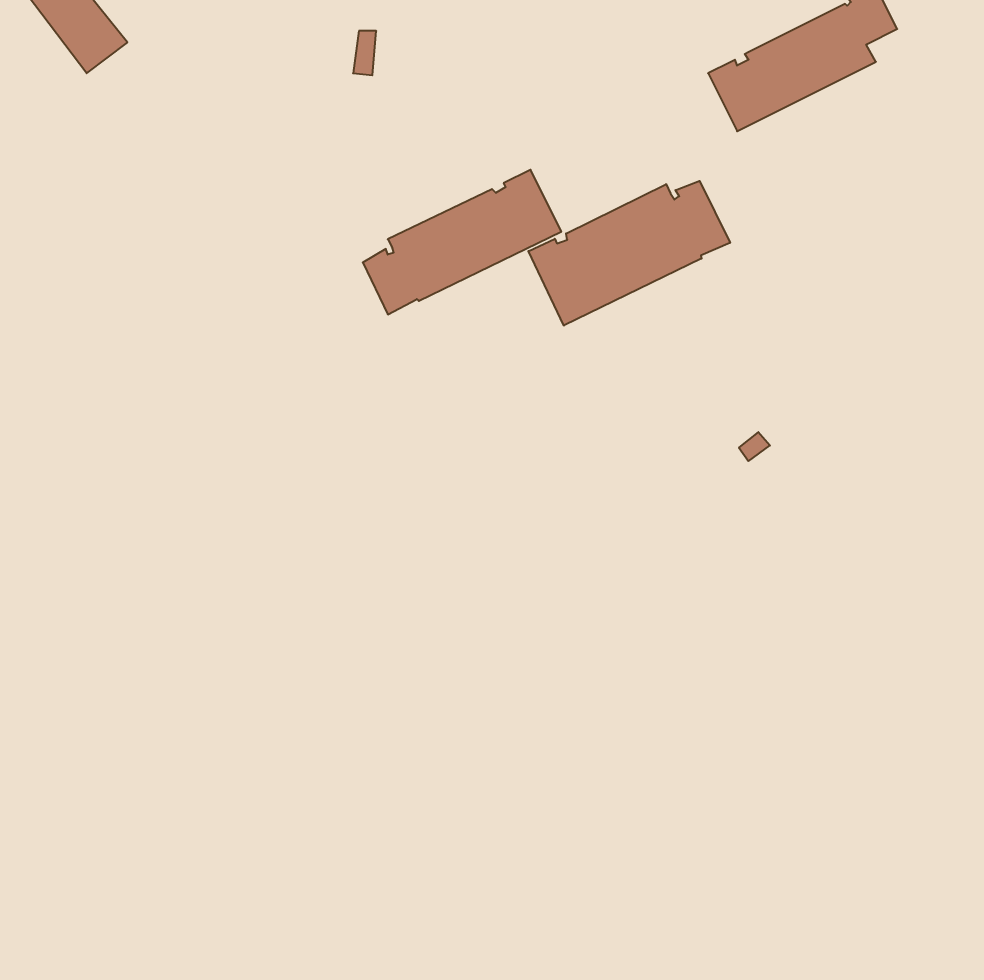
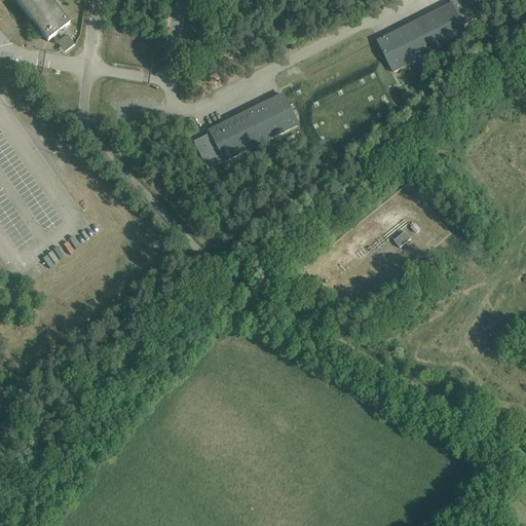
building: [528,181,730,326] -> none

